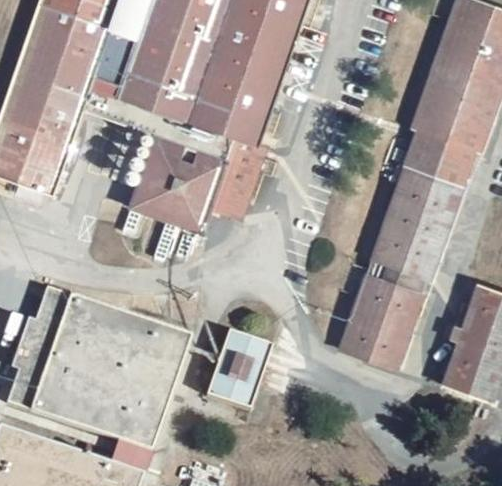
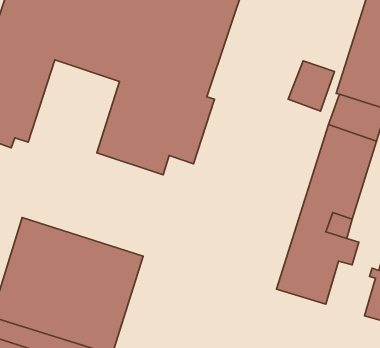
building: none -> [288,61,334,111]
building: [207,327,270,412] -> none

